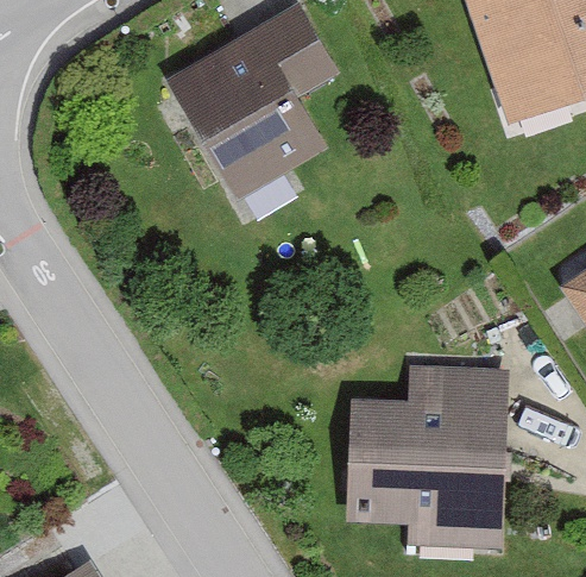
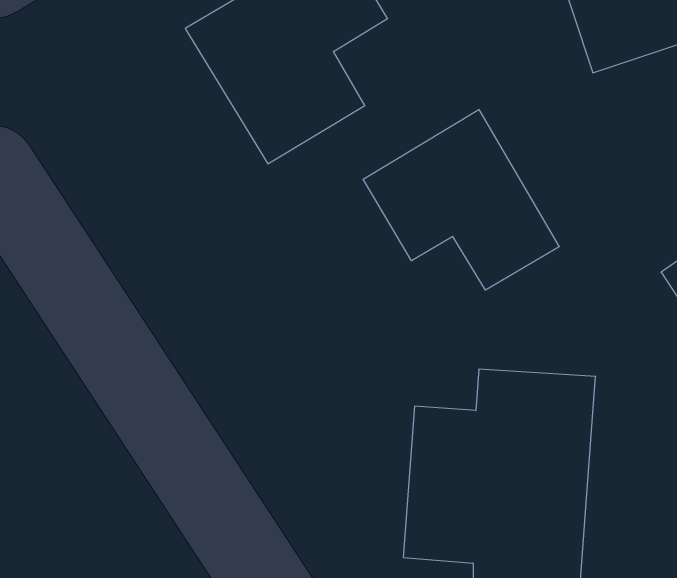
building: none -> [363,110,559,290]

